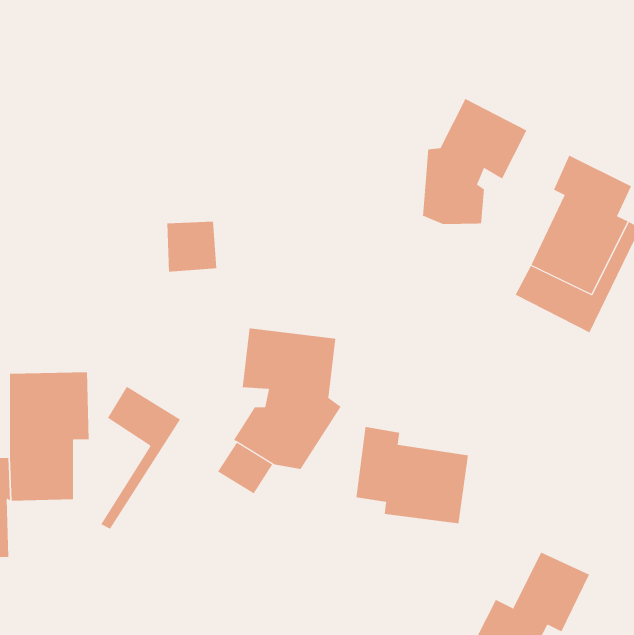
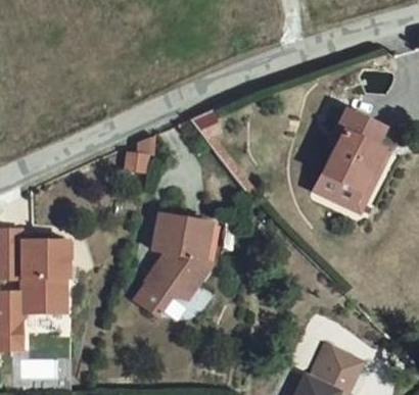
building: [422,98,527,225] -> none
building: [101,386,181,529] -> none
building: [356,426,469,524] -> none

